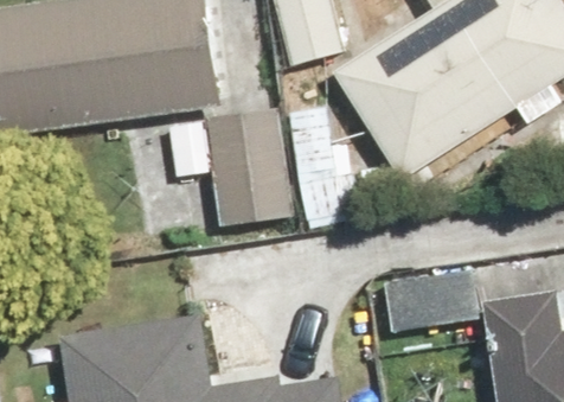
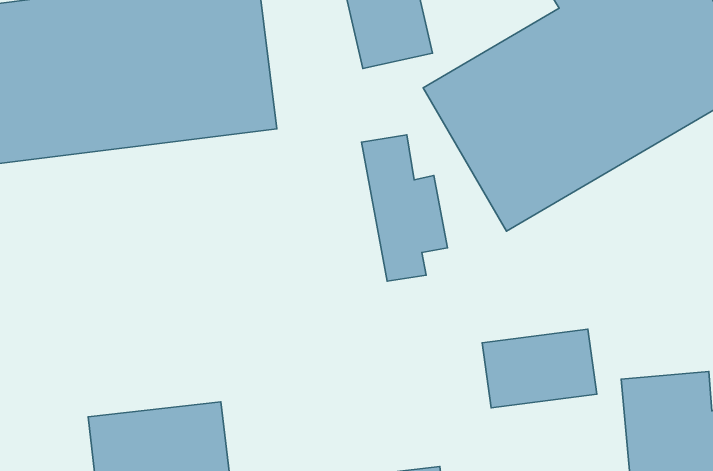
building: [200,111,293,221] -> none

